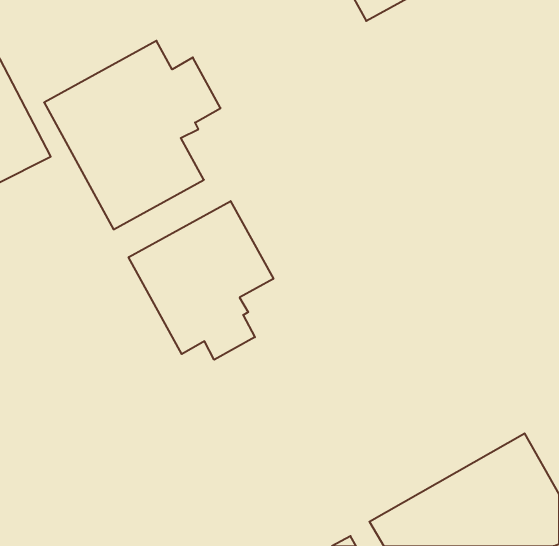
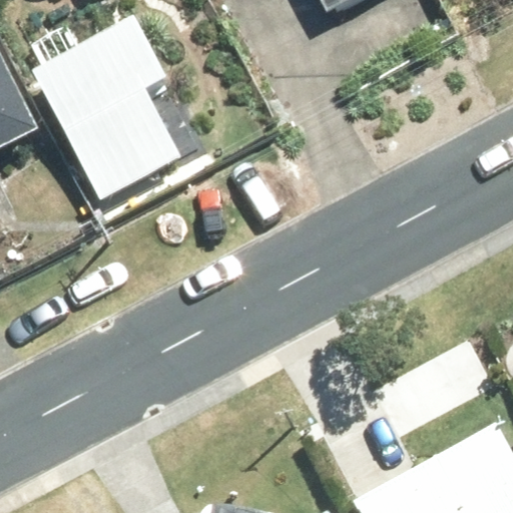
building: [129,201,273,360] -> none

